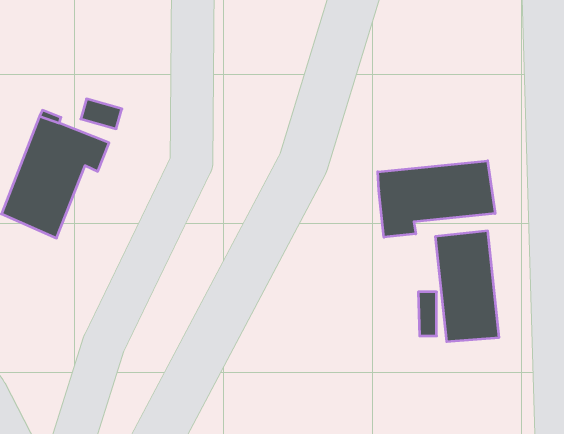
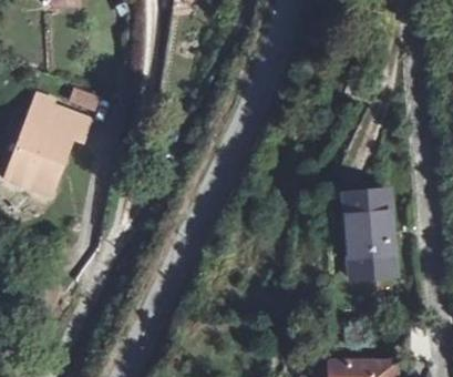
building: [378,161,495,237] -> none

